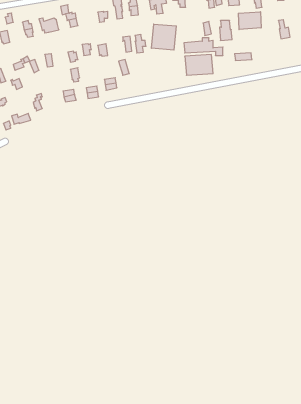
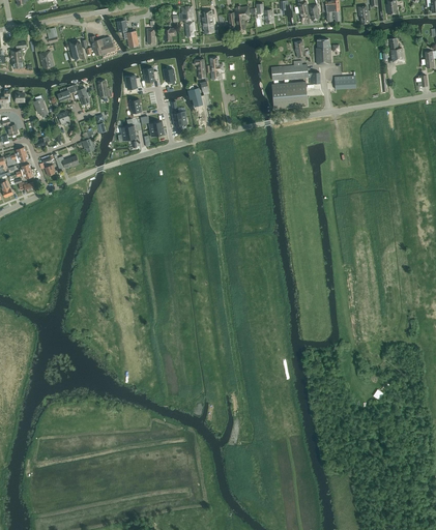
building: [238,12,261,30] -> none
building: [151,24,176,50] -> none

